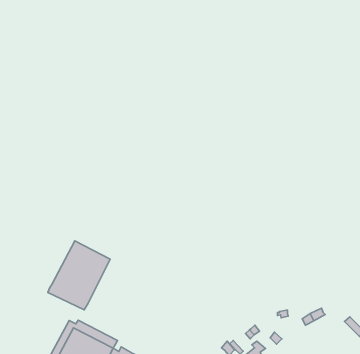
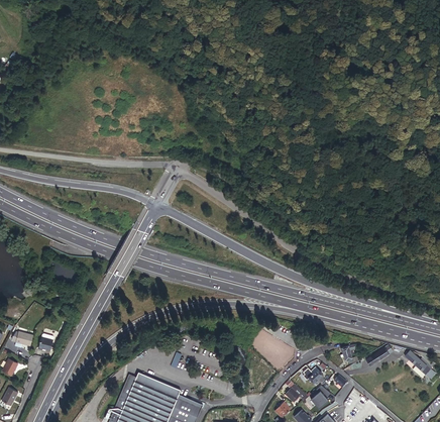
building: [48,241,110,310] -> none

